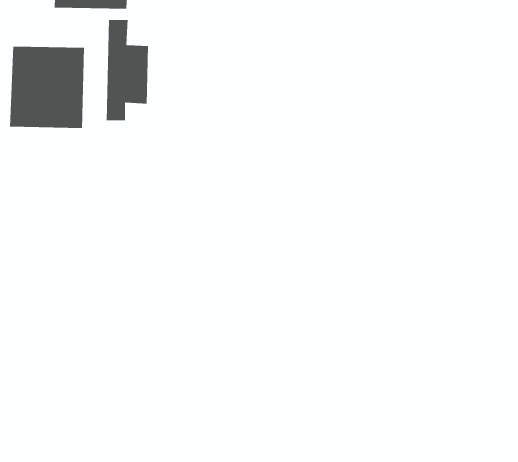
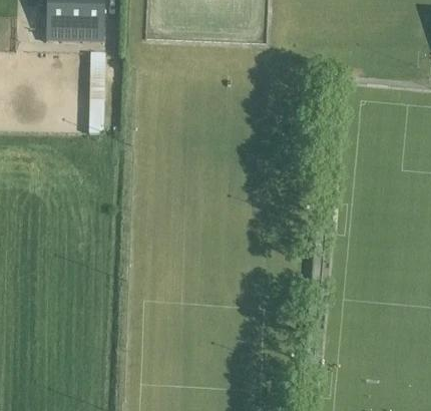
building: [9,46,84,129] -> none

